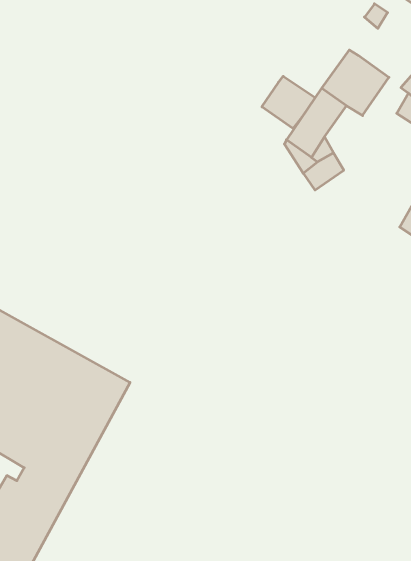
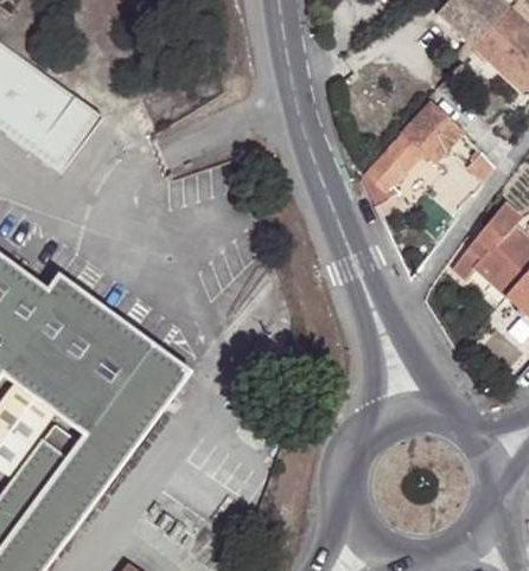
building: [262,76,315,128] -> none

